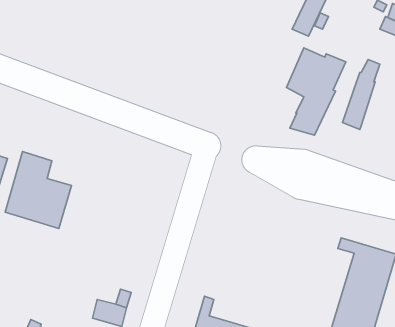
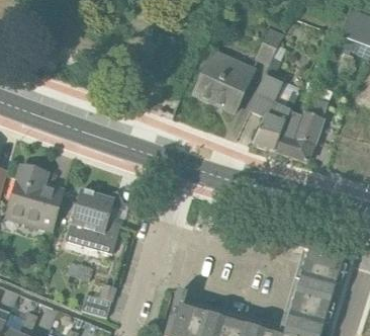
building: none -> [194,49,256,111]
building: none -> [274,94,313,161]
building: none -> [71,188,121,252]

